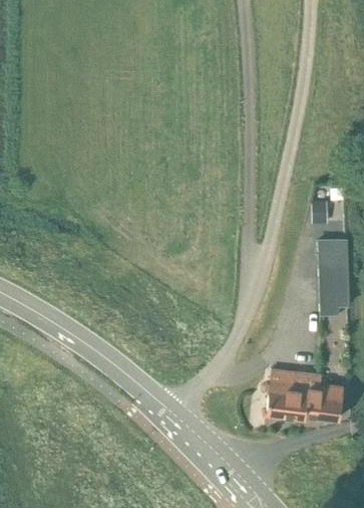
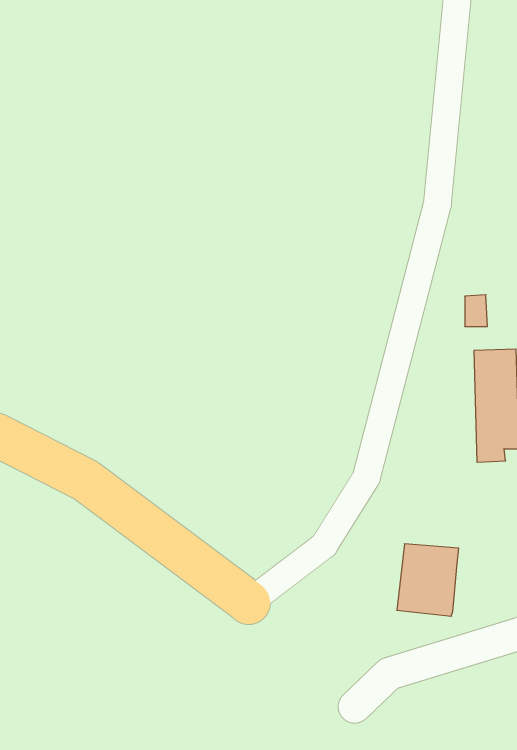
building: [305,372,343,419] -> none

